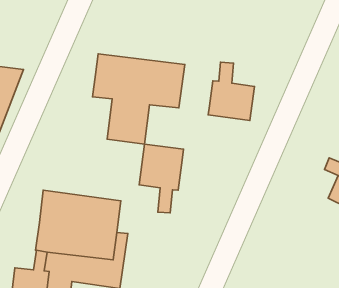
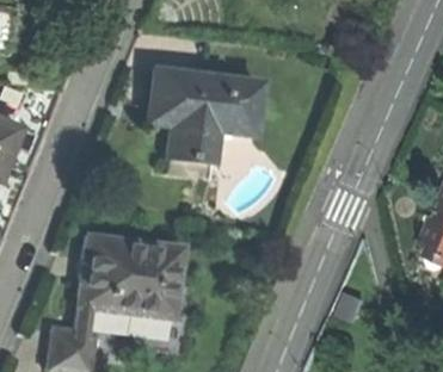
building: [208,62,254,120] -> none
building: [139,144,183,213] -> none

